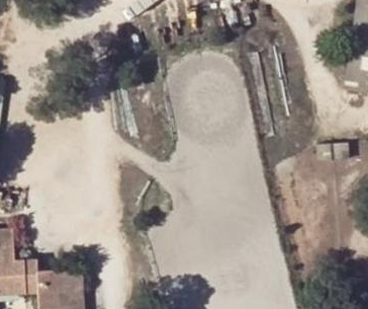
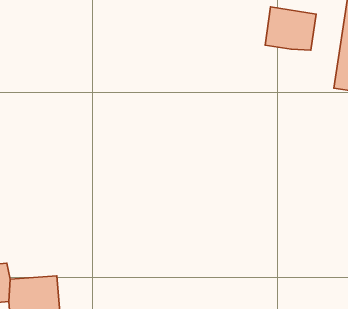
building: none -> [265,7,316,50]

